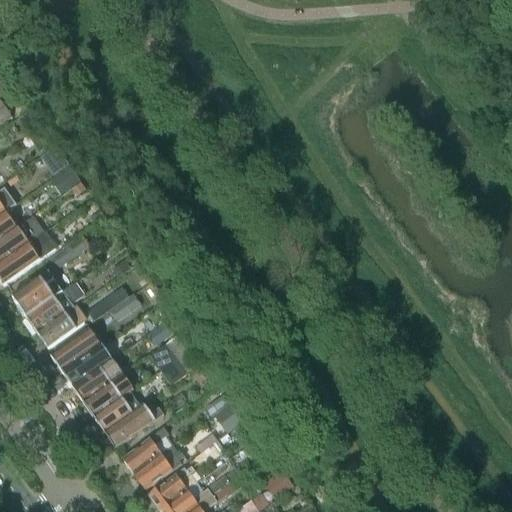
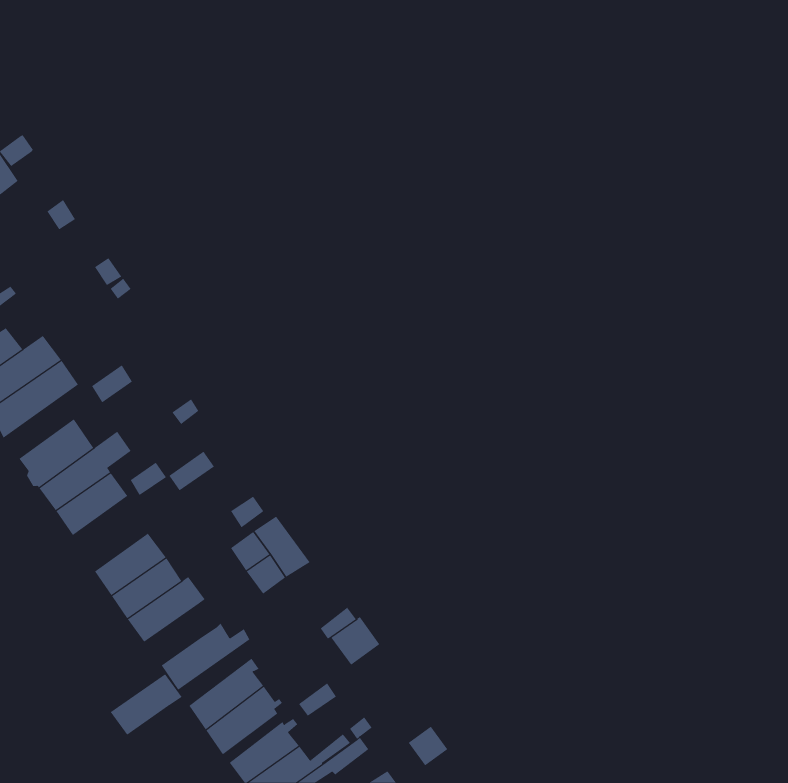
building: [50,327,99,370] -> none
building: [93,391,140,431] -> [110,674,182,735]

